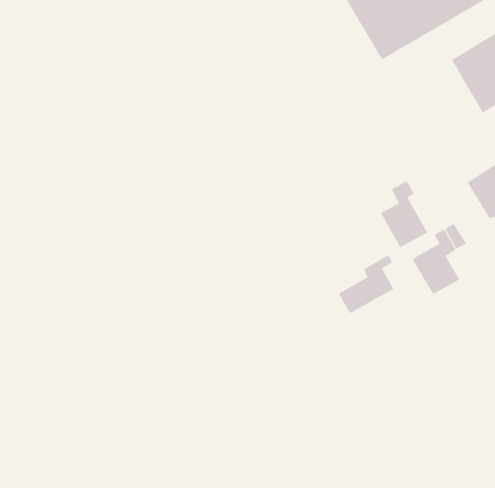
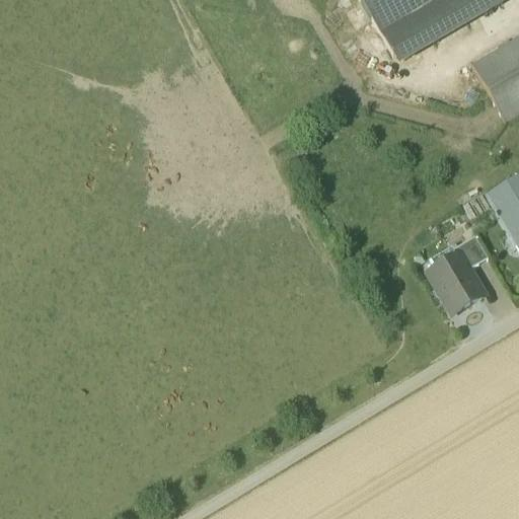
building: [380,180,428,248] -> none
building: [338,255,394,314] -> none

